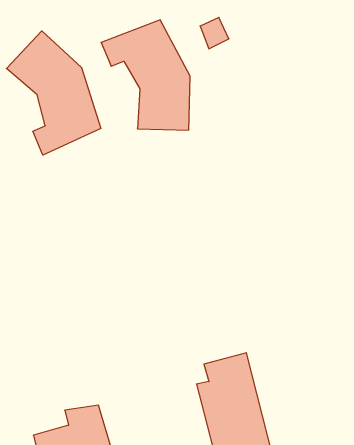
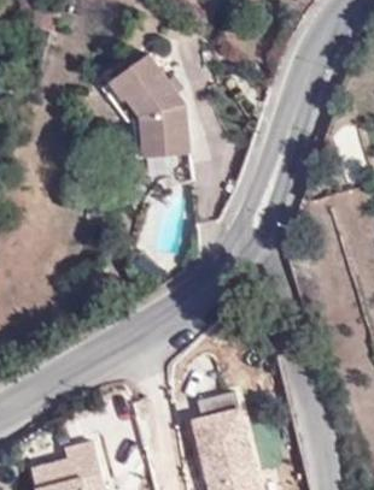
building: [6,31,101,155] -> none

